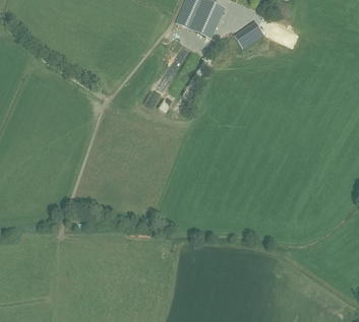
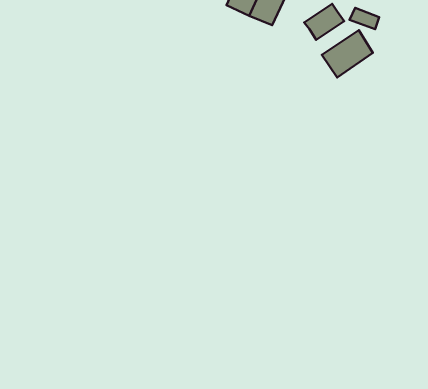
building: none -> [322,30,373,77]

